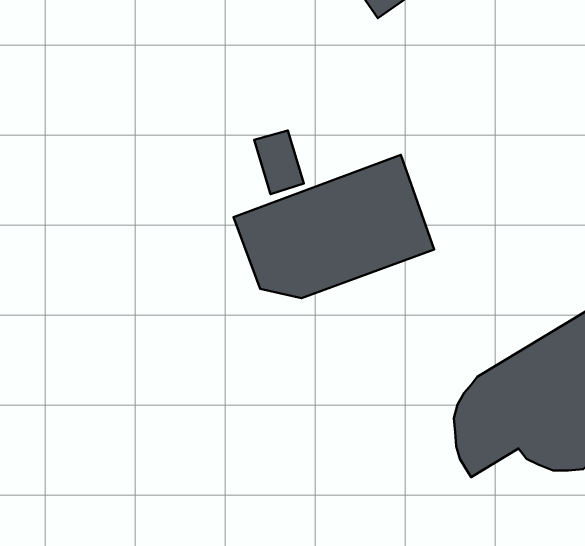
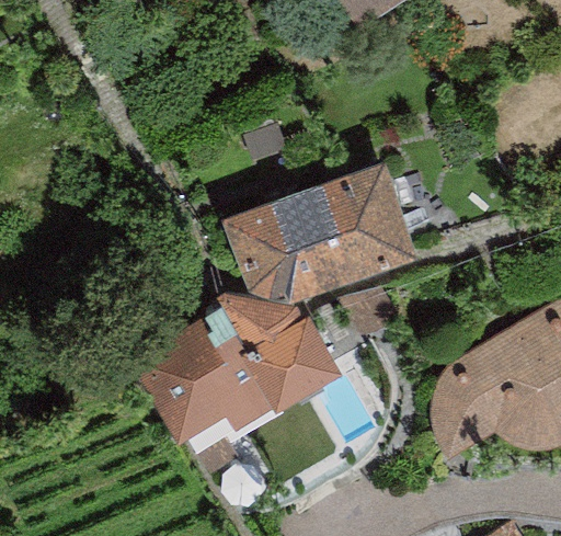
building: none -> [129,295,342,457]

